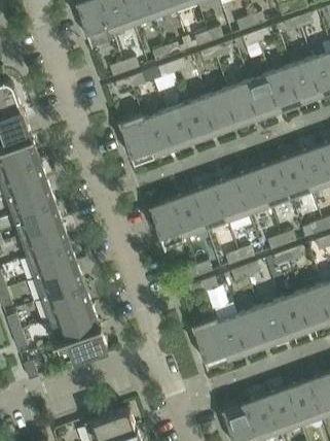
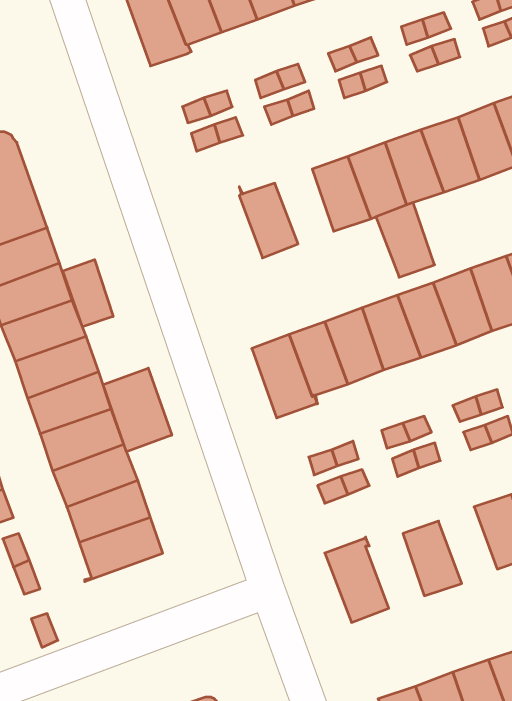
building: [163,103,197,146] -> [376,203,435,277]
building: [119,113,156,162] -> none
building: none -> [63,260,113,327]
building: none -> [103,368,172,452]
building: [258,299,292,343] -> none
building: [216,314,250,358] -> none
building: [53,326,107,364] -> none

